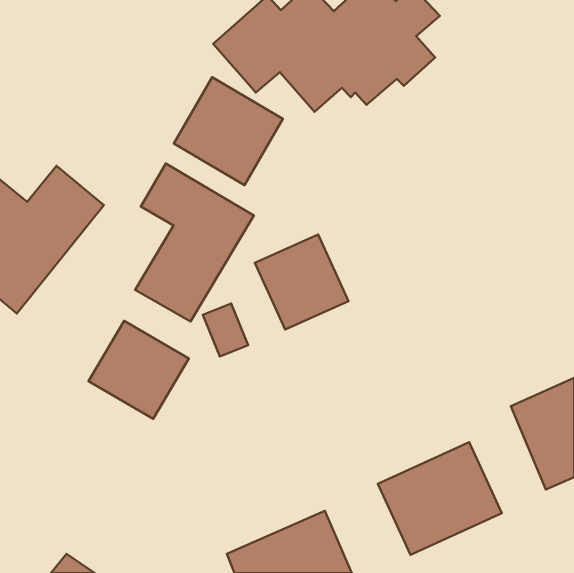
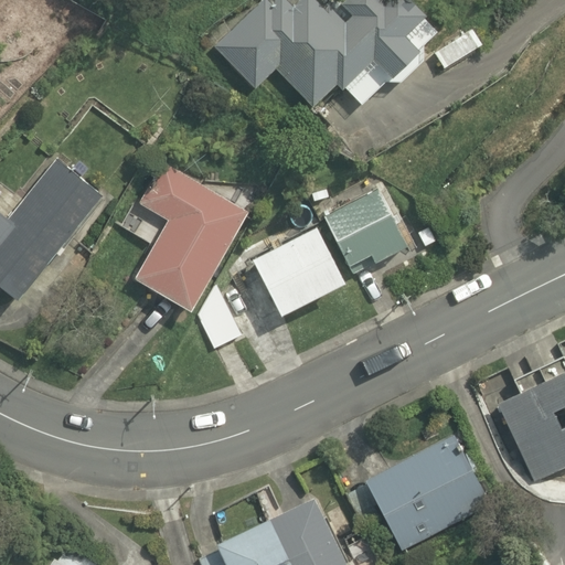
building: [174,77,283,185] -> none
building: none -> [323,192,405,270]
building: [89,321,189,419] -> none

